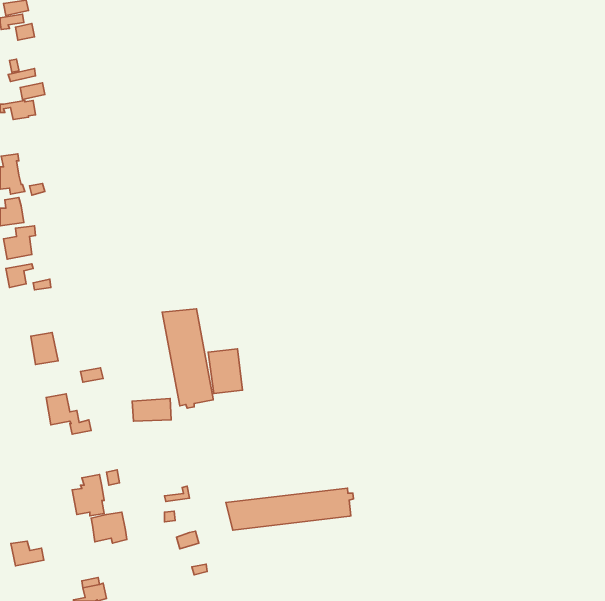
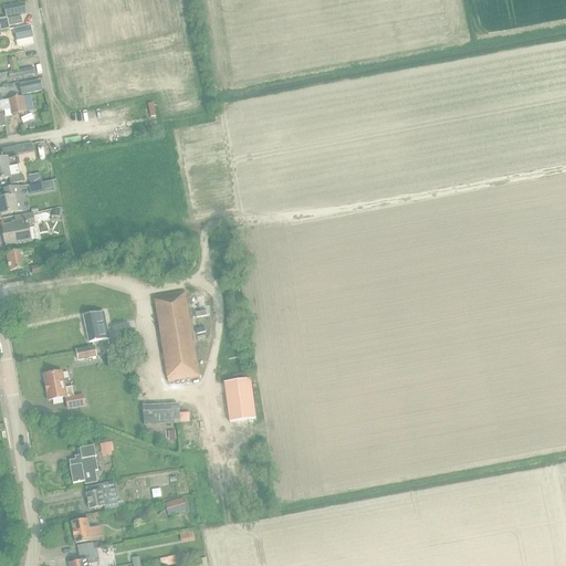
building: [31,332,58,364] -> [84,310,109,339]
building: [208,349,242,394] -> [223,377,255,419]
building: [132,399,171,421] -> [143,401,179,422]
building: [226,488,354,530] -> none
building: [11,541,44,566] -> [71,517,102,541]

